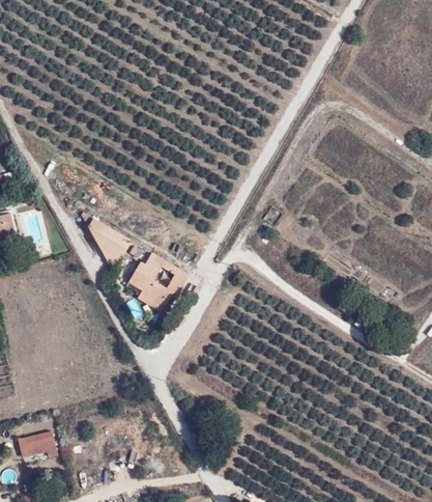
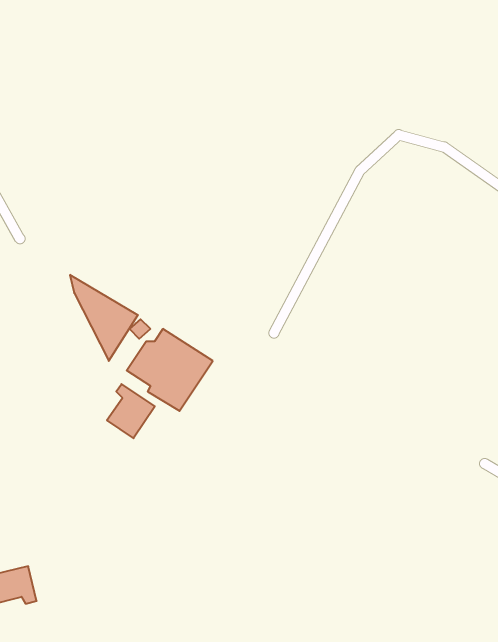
building: none -> [107,384,155,438]

